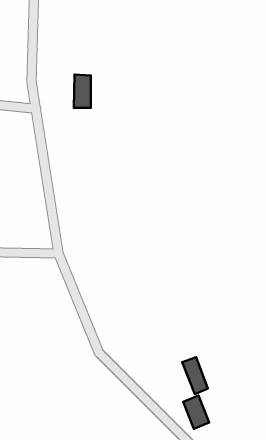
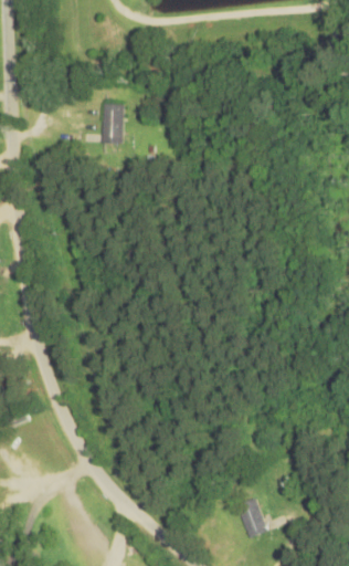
building: [182,357,208,394] -> none

